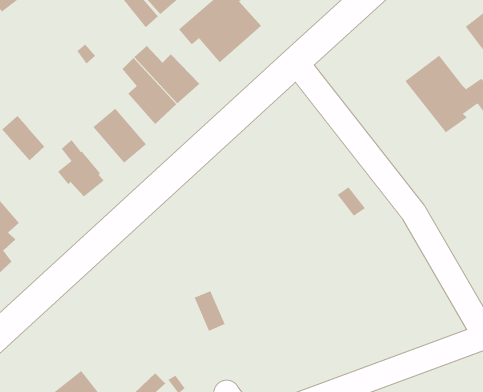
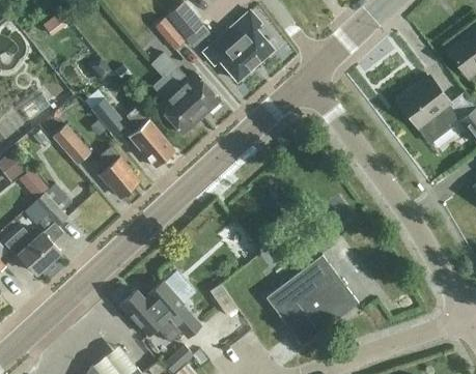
building: none -> [90,97,127,137]
building: none -> [267,256,359,346]
building: none -> [119,281,202,342]

